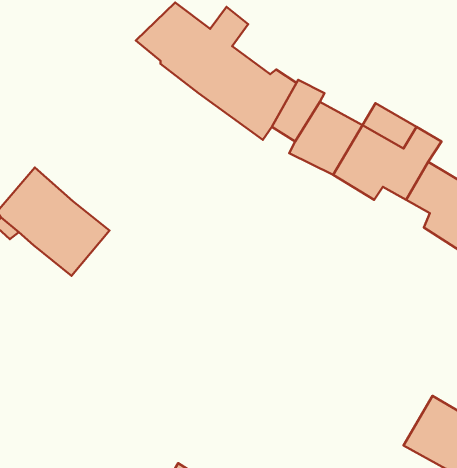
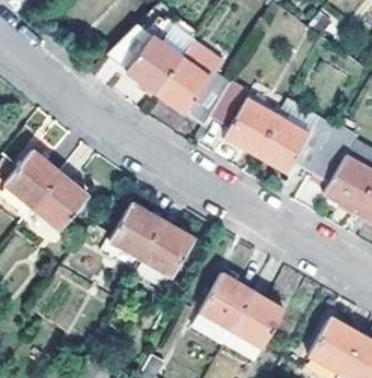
building: none -> [108,201,194,276]
building: none -> [200,272,286,347]

